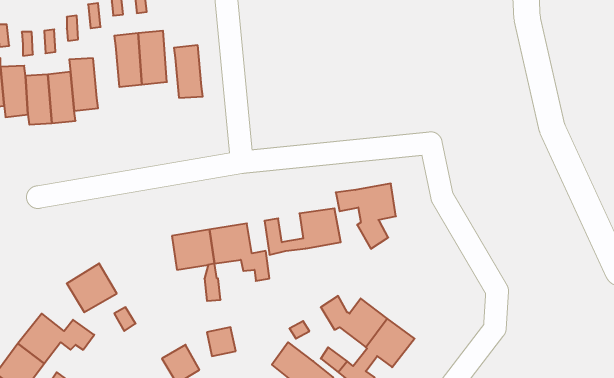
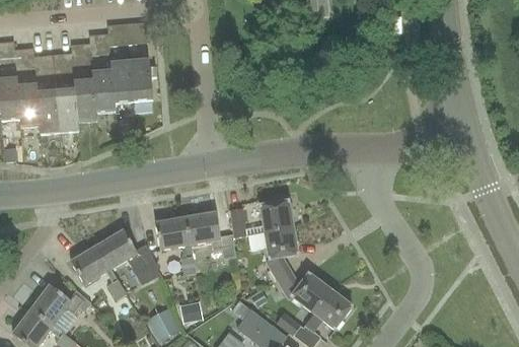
building: [174,45,203,98] -> [91,68,115,111]
building: [336,184,396,249] -> [248,227,297,280]
building: none -> [97,229,159,284]

